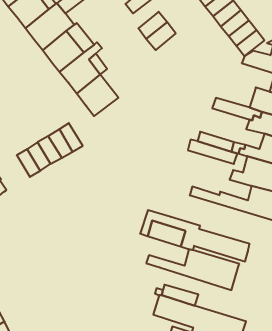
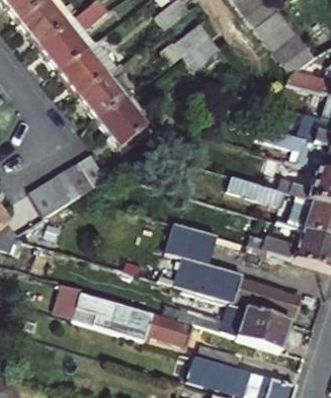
building: none -> [165,223,216,264]
building: none -> [54,283,195,346]

